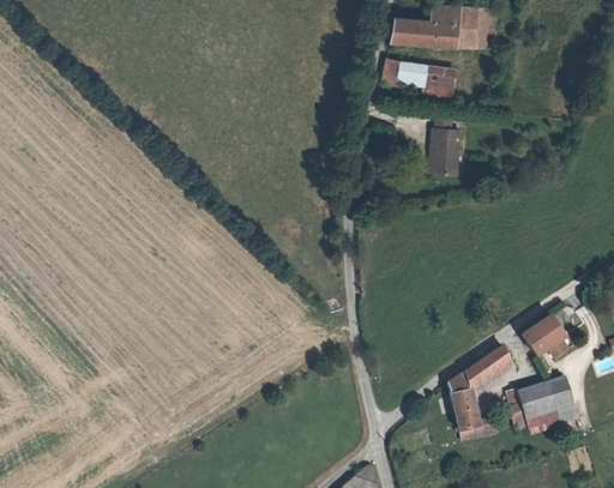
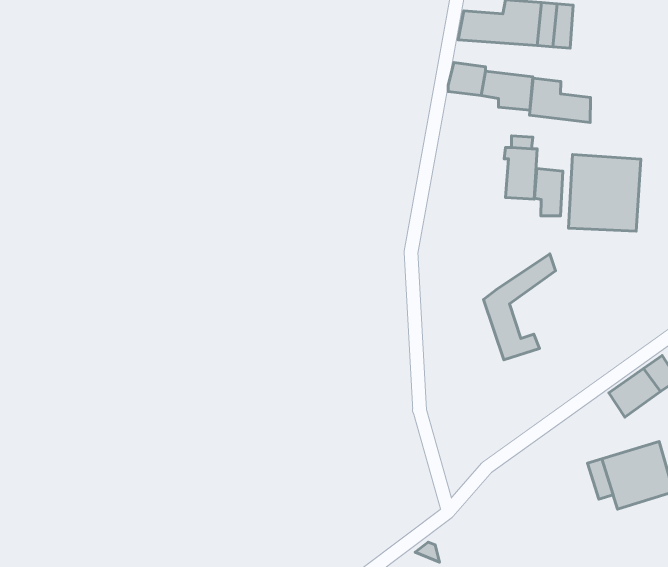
building: none -> [529,78,590,123]
building: none -> [568,154,641,231]
building: none -> [534,169,563,216]
building: [446,348,506,436] -> [484,254,555,360]

